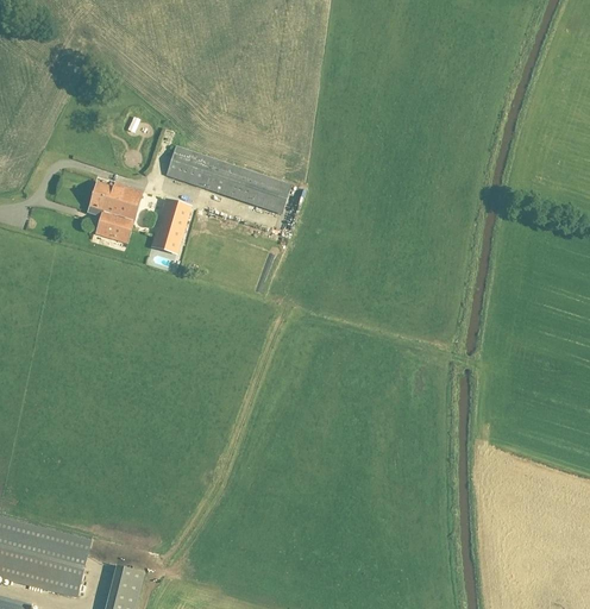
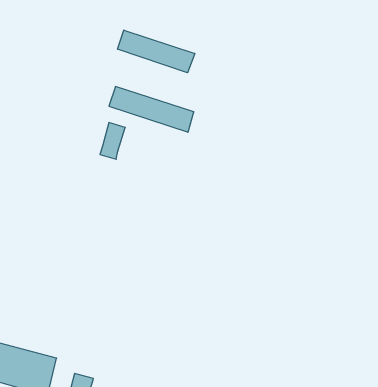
building: none -> [118,30,195,73]
building: [88,183,142,241] -> none

